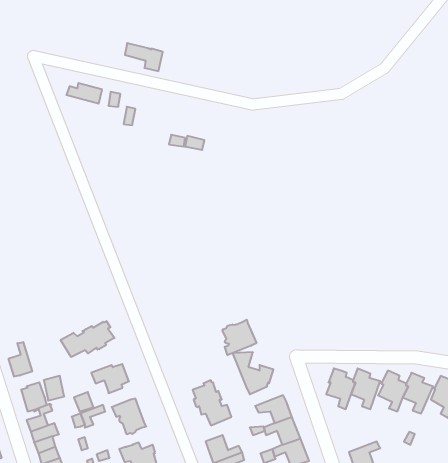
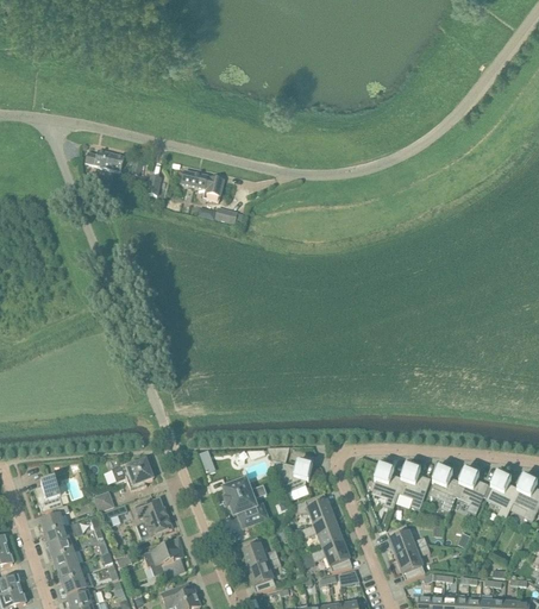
building: [125,43,163,71] -> [182,169,224,200]
building: [223,320,256,355] -> none
building: [61,321,115,357] -> none
building: [9,342,32,377] -> none
building: none -> [387,523,427,555]

